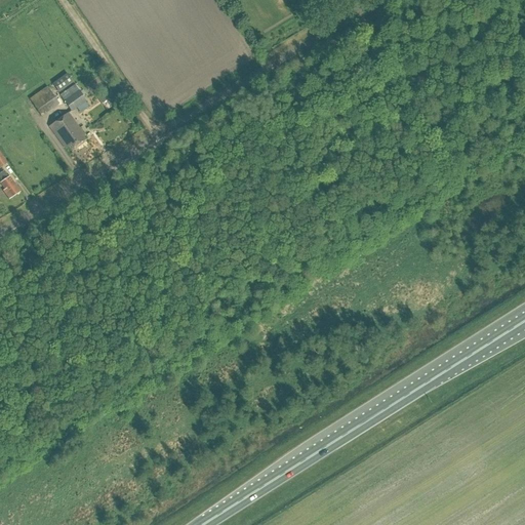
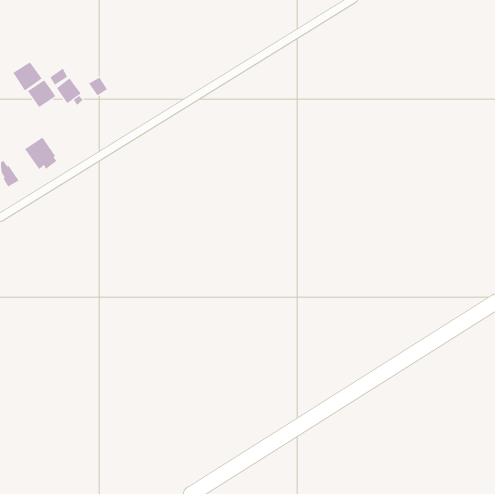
building: none -> [12,62,42,91]
building: [50,112,85,147] -> [24,137,57,170]

